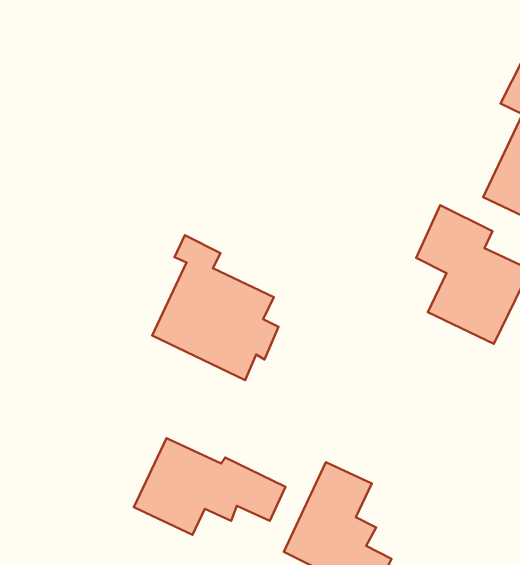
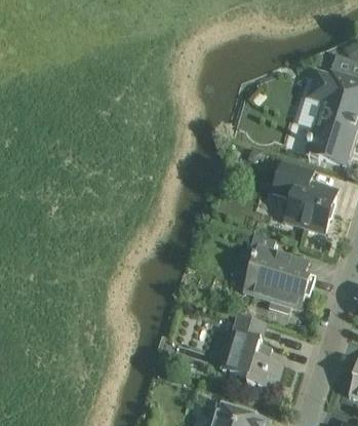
building: [152,235,278,380] -> [243,233,314,310]
building: [134,438,286,535] -> none

